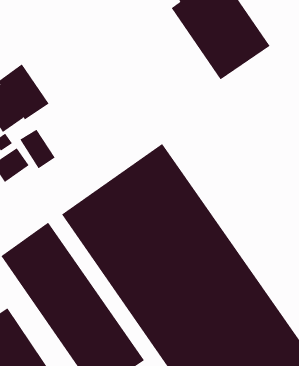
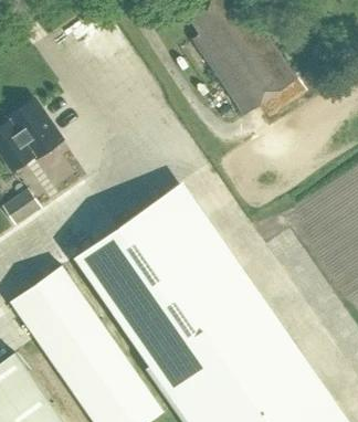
building: [19,129,56,169] -> none

